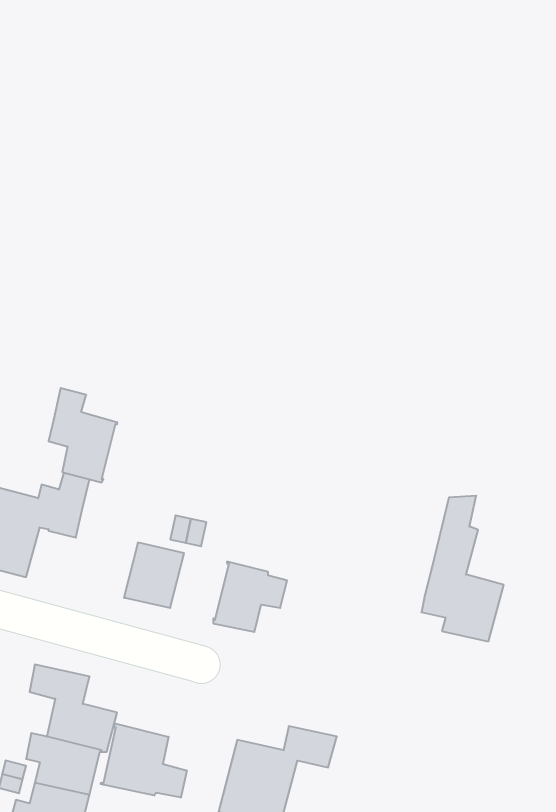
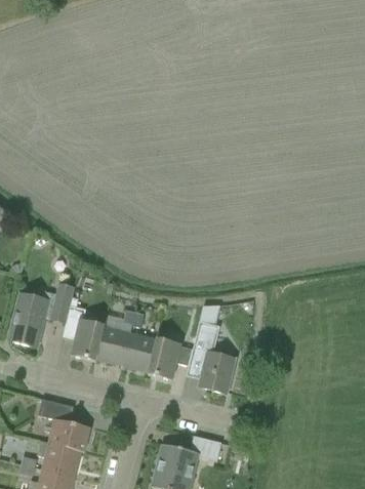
building: [49,388,117,482] -> [64,304,105,361]
building: [421,496,504,641] -> [187,305,236,393]
building: none -> [123,332,158,372]
building: [101,724,187,798] -> none

